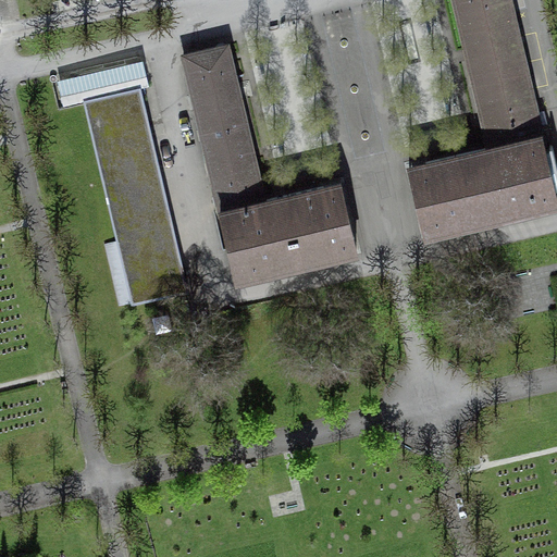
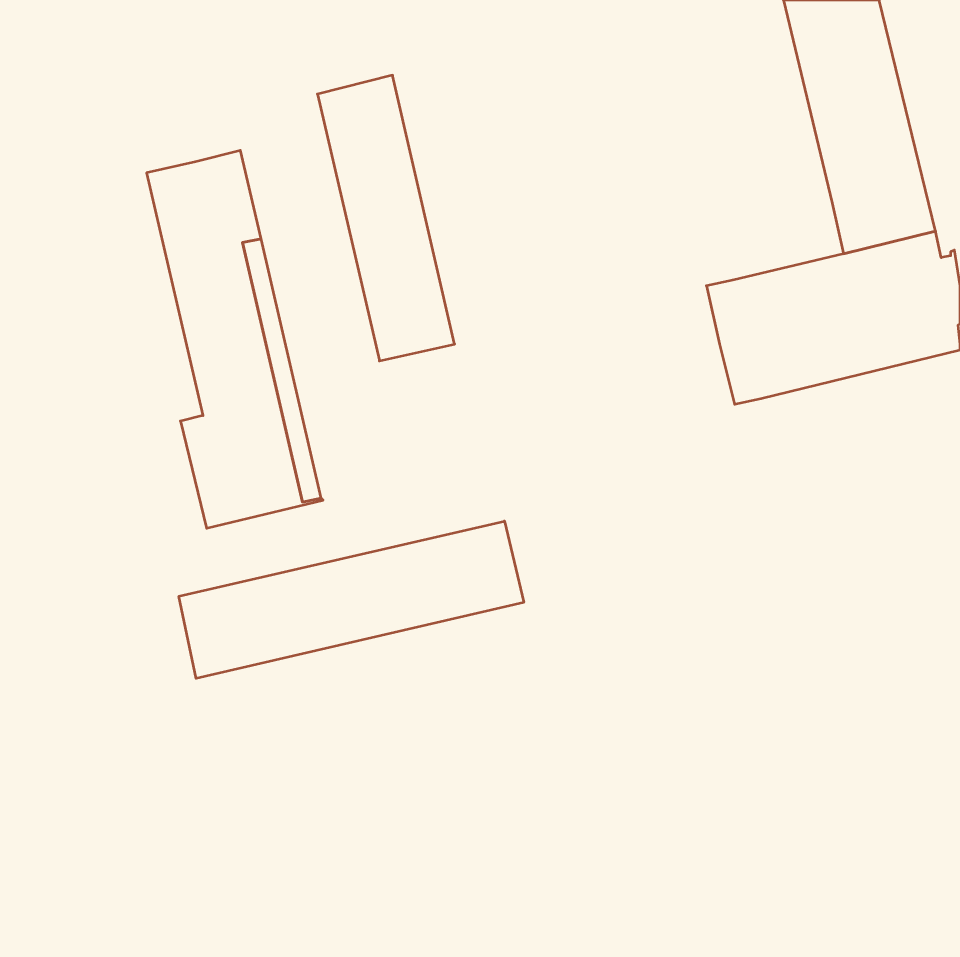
building: [59,64,148,108] -> none
building: [220,184,356,281] -> none
building: none -> [179,521,524,678]

